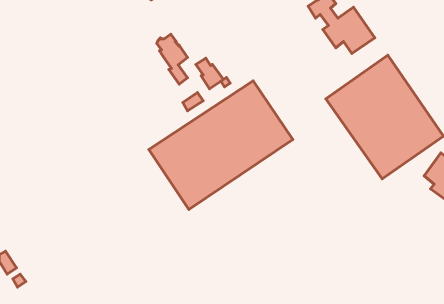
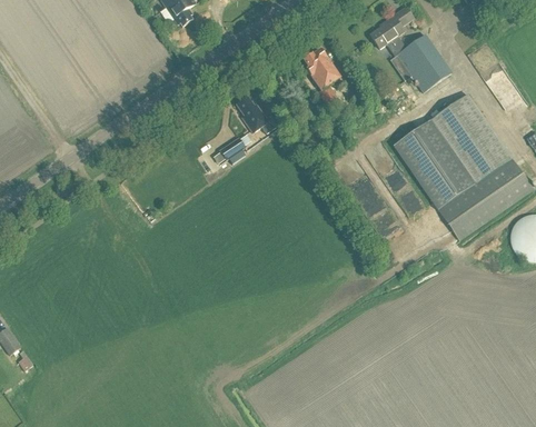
building: [157,34,187,84] -> [304,49,340,109]
building: [149,81,293,210] -> none

